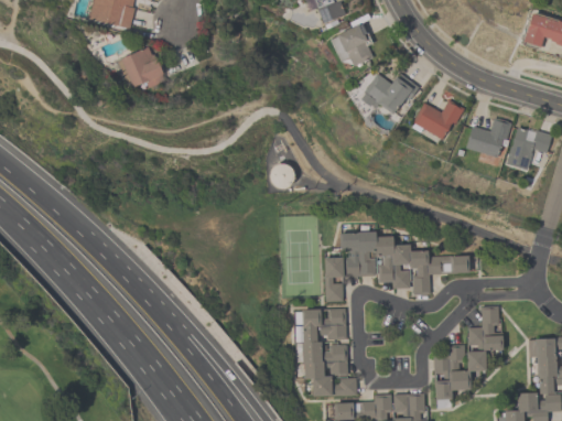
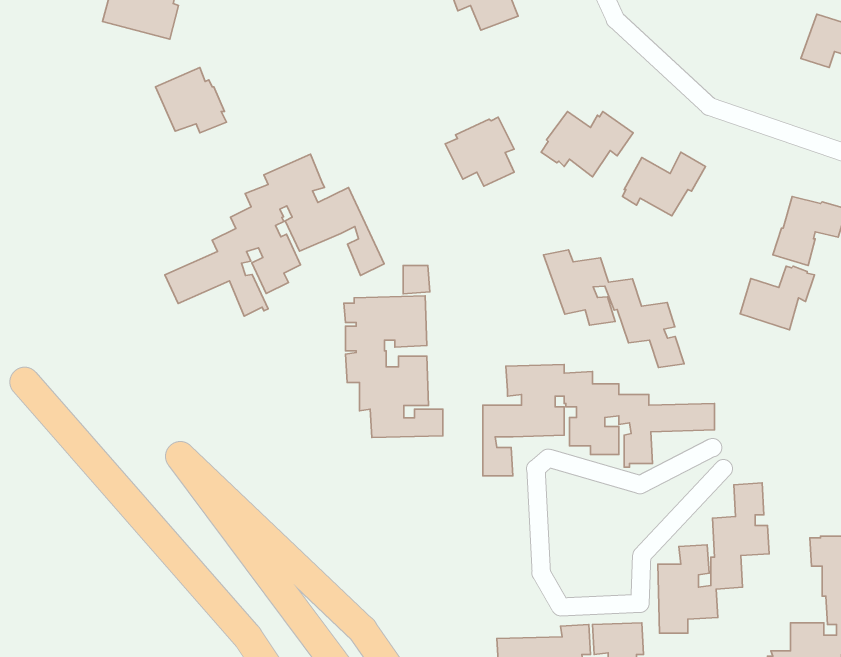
building: [331,23,374,66] -> [445,117,514,186]
building: none -> [165,154,384,316]
building: [466,118,512,158] -> [740,266,814,330]
building: none -> [543,250,684,368]
building: [295,307,357,396] -> [344,296,443,437]

